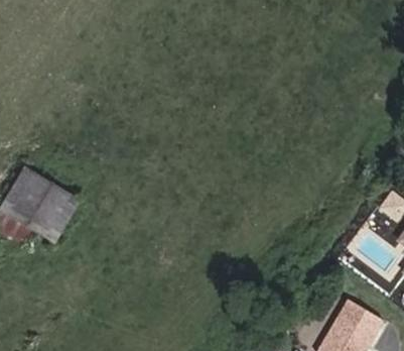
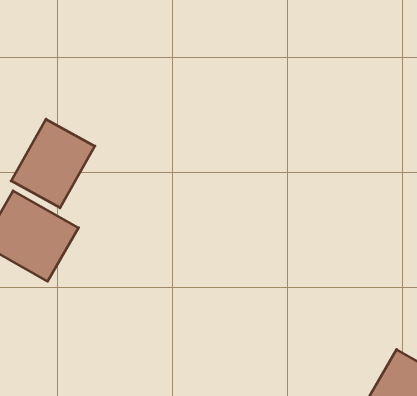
building: none -> [11,119,95,208]

